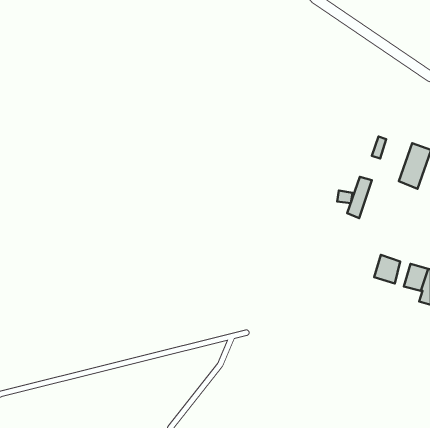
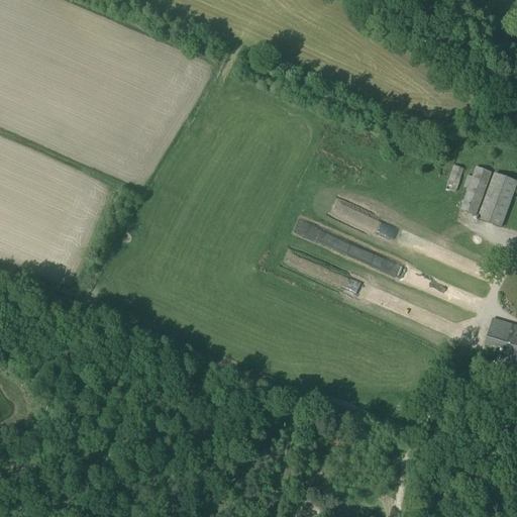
building: [347,177,372,218] -> [461,166,491,215]
building: [374,255,400,284] -> none

